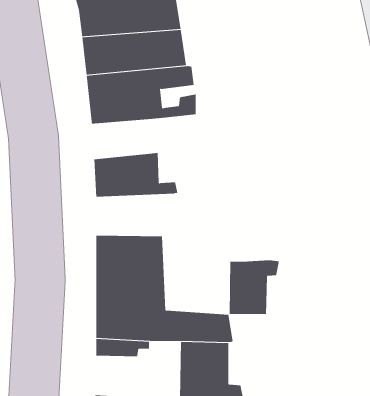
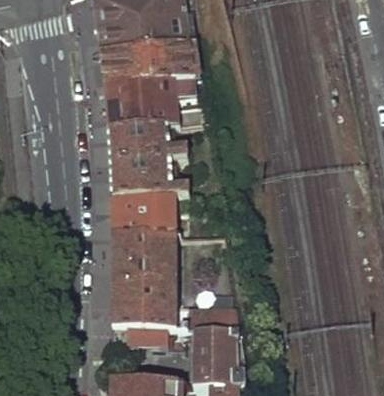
building: none -> [110,125,179,162]
building: none -> [114,194,187,233]
building: [229,260,280,315] -> none

